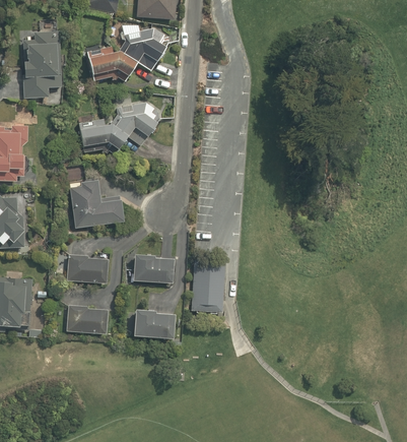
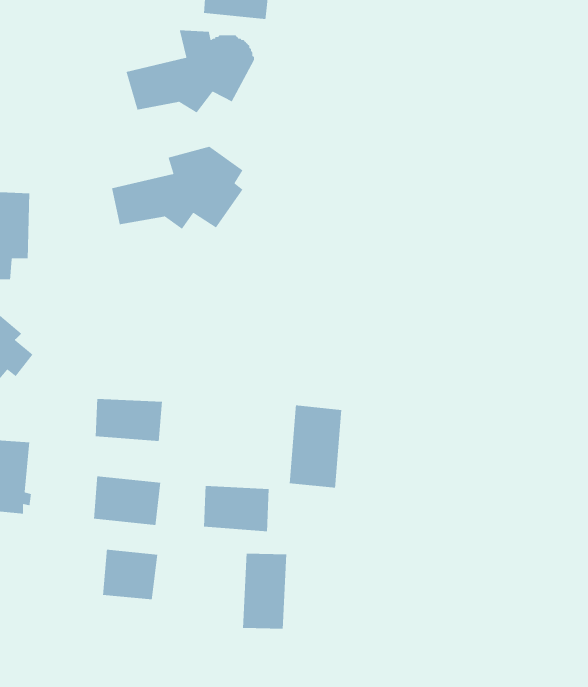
building: [17,28,59,97] -> none
building: [69,182,126,229] -> none
building: [135,255,176,283] -> none
building: none -> [102,549,158,600]
building: none -> [242,553,287,629]

